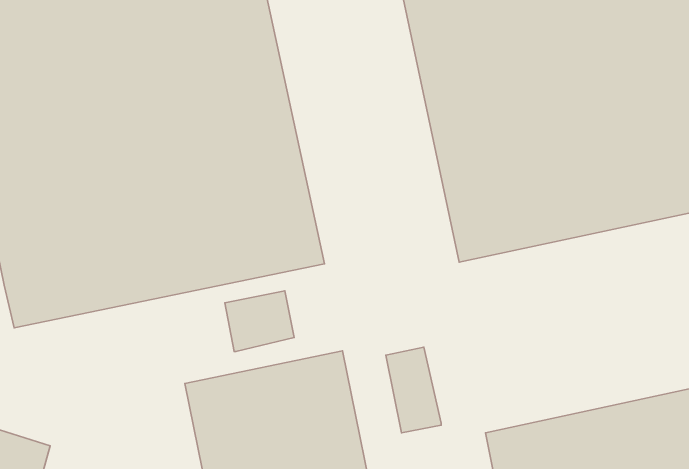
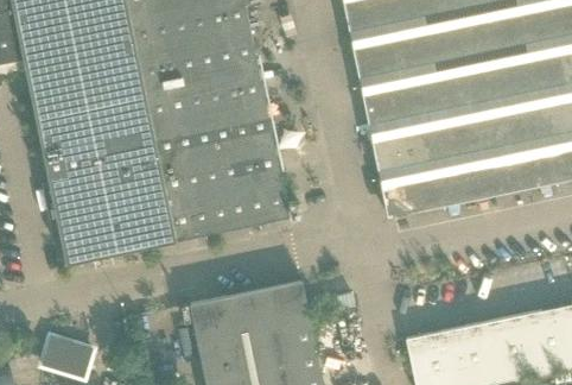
building: [225,291,294,352] -> none
building: [386,347,441,433] -> none

